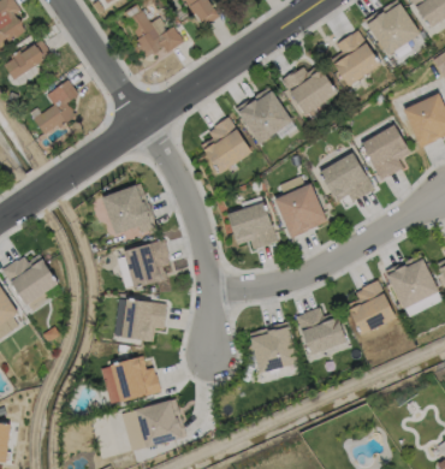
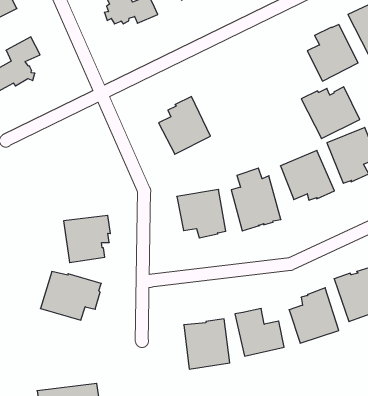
building: [280,63,338,114] -> [301,87,360,139]
building: [236,87,292,143] -> none
building: [101,183,156,234] -> none
building: [109,356,160,403] -> none

